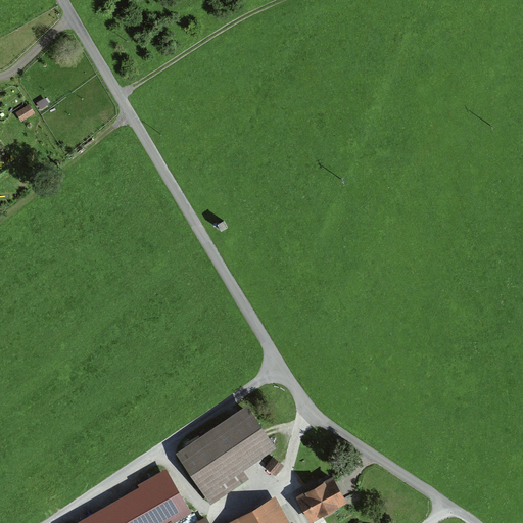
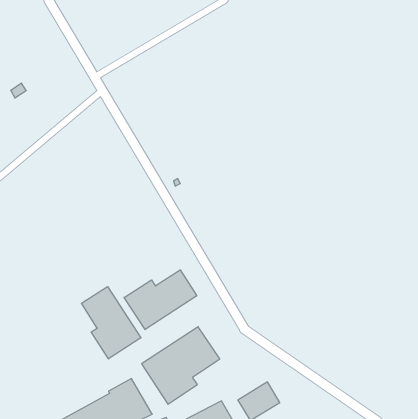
building: none -> [124,270,197,330]
building: none -> [81,287,141,359]

